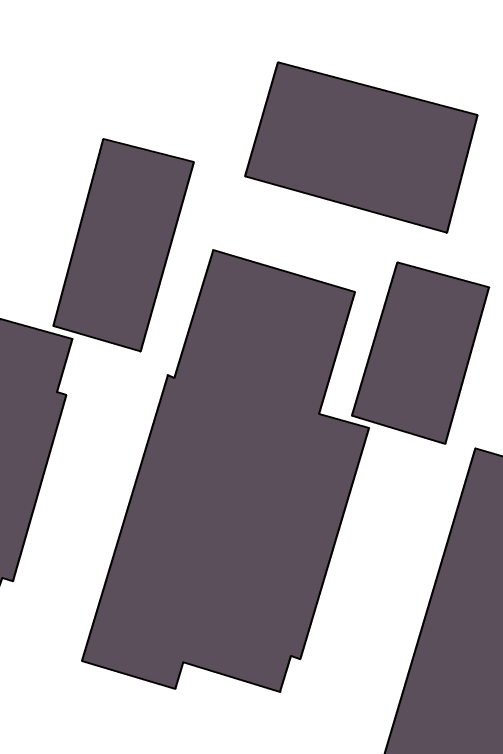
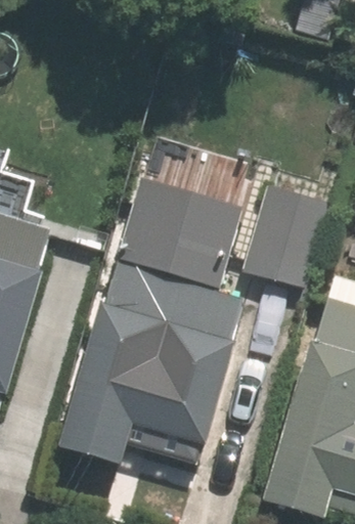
building: [245,62,477,233] -> none
building: [53,139,194,352] -> none

